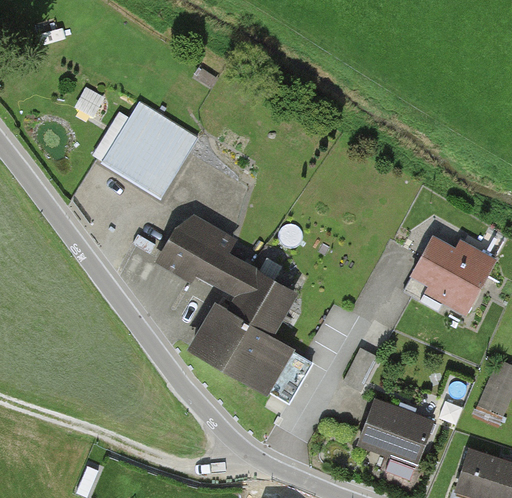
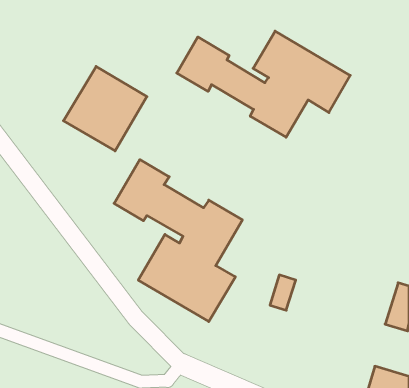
building: none -> [177,31,350,137]
building: [411,234,496,319] -> none
building: [356,401,433,462] -> none

